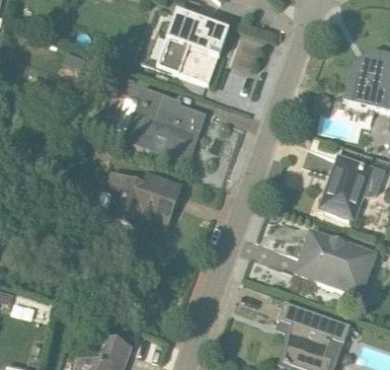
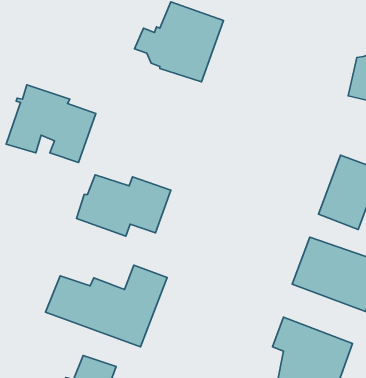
building: [124,85,207,157] -> [6,85,96,163]
building: none -> [45,265,167,347]

